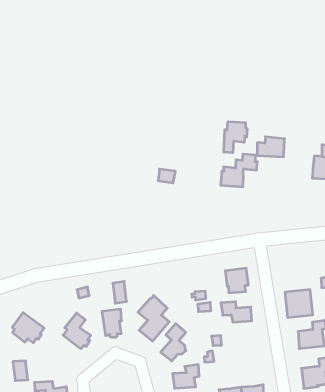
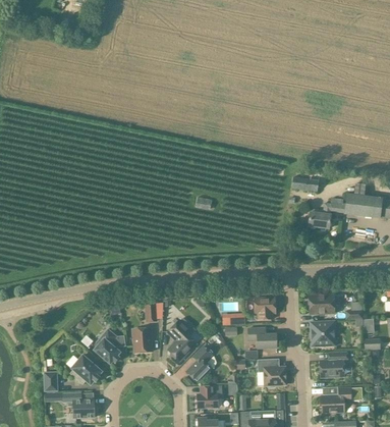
building: [224,122,247,153] -> none
building: [221,154,257,187] -> [309,197,345,228]
building: none -> [310,295,335,314]
building: [12,313,44,343] -> [72,355,103,384]
building: none -> [259,359,287,387]

